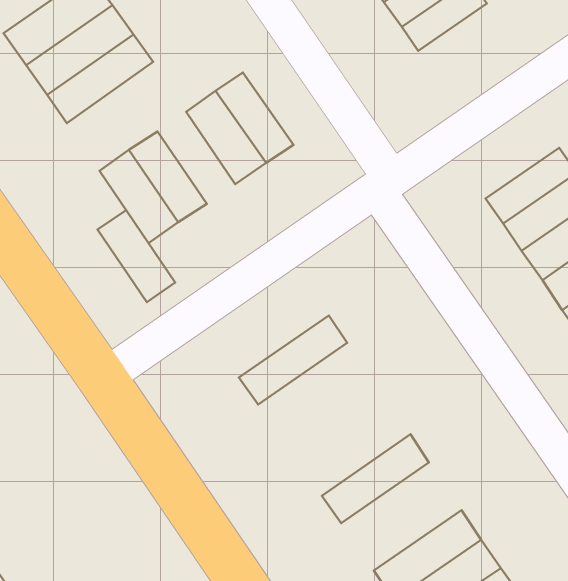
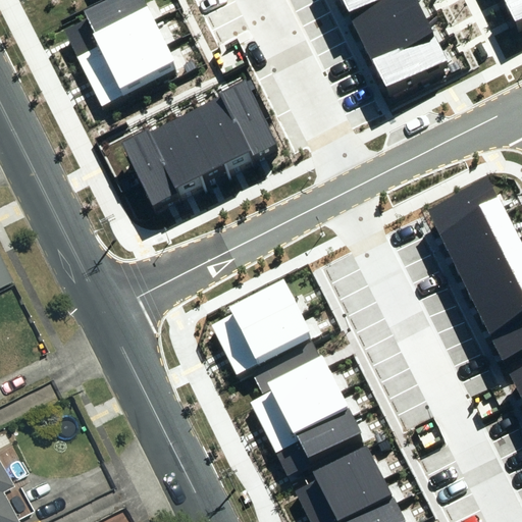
building: [98,210,175,302] -> [174,108,229,182]
building: none -> [223,307,313,371]
building: none -> [251,361,340,424]
building: none -> [275,410,366,476]

